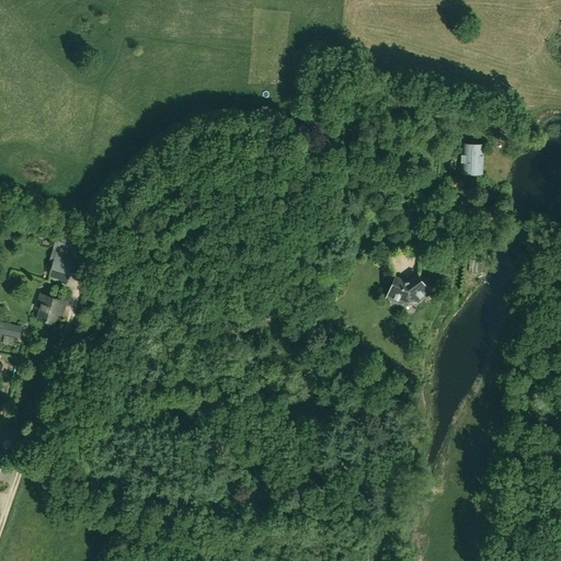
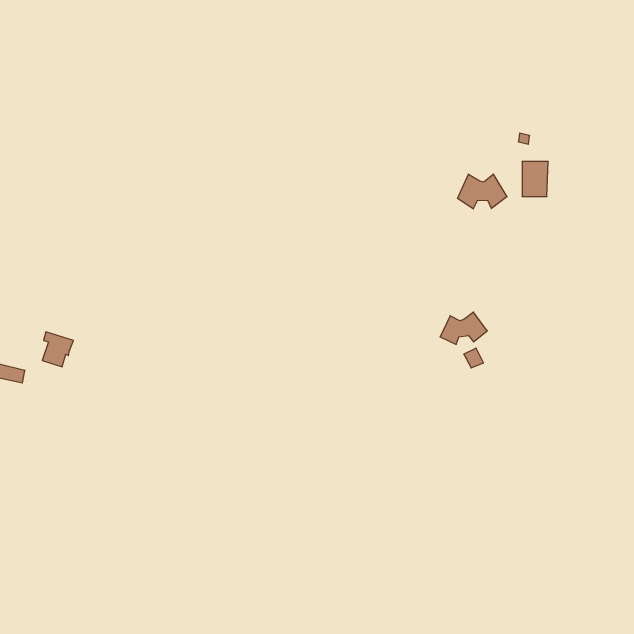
building: none -> [457,174,507,209]
building: [49,252,75,282] -> none

